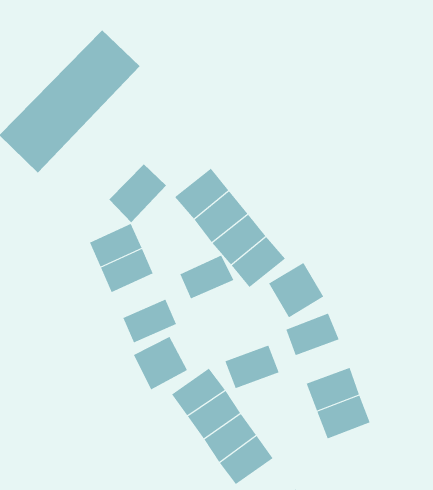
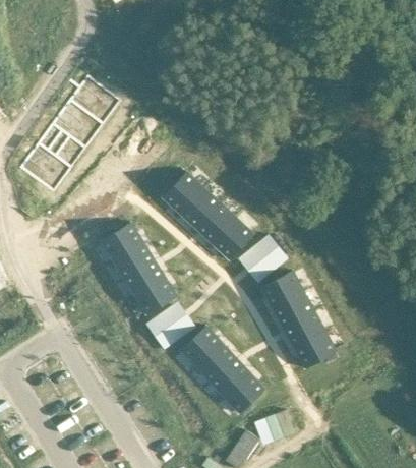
building: [108,163,167,223] -> none
building: [180,255,234,299] -> [122,258,165,296]
building: [224,345,280,389] -> [271,290,314,328]

